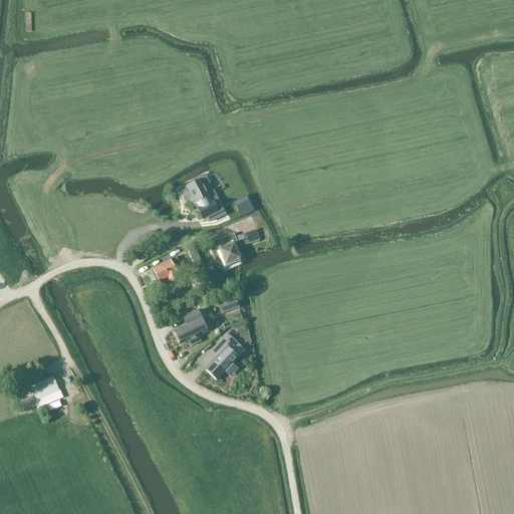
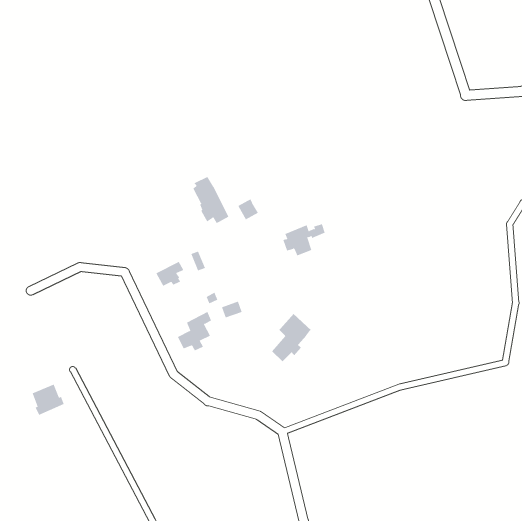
building: [211,231,253,263] -> [282,223,325,256]
building: [206,331,246,379] -> [271,313,312,362]

